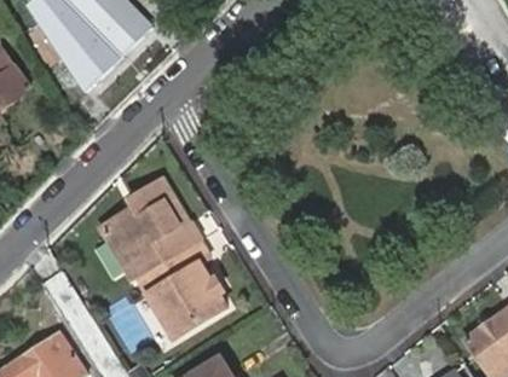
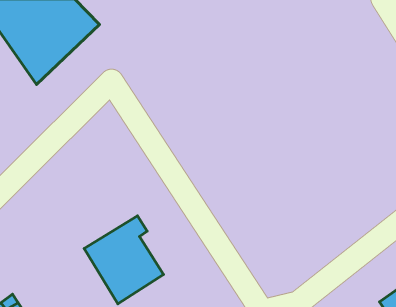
building: [100,181,197,282] -> none

